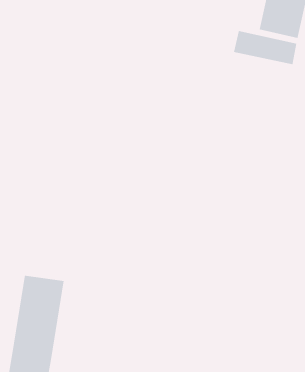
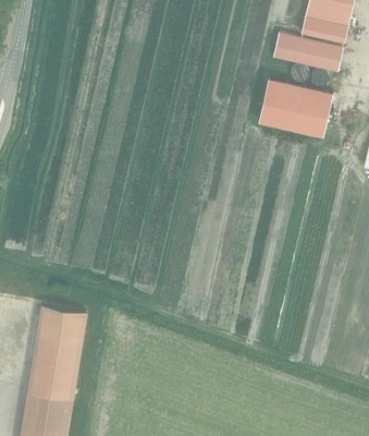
building: none -> [259,80,333,137]

